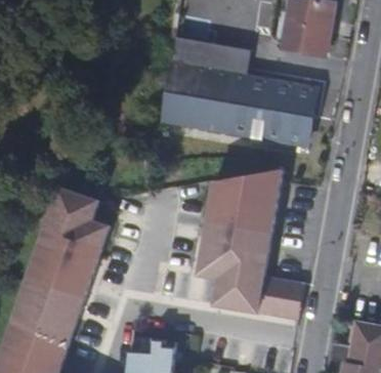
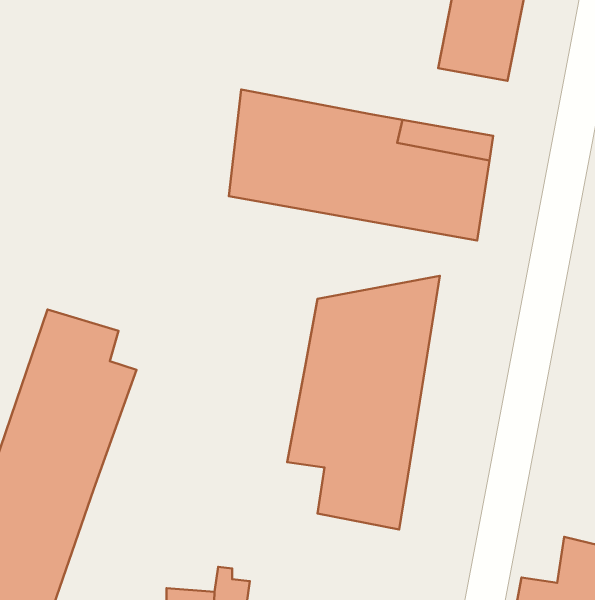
building: [169,36,248,75] -> none
building: [260,277,303,321] -> none

